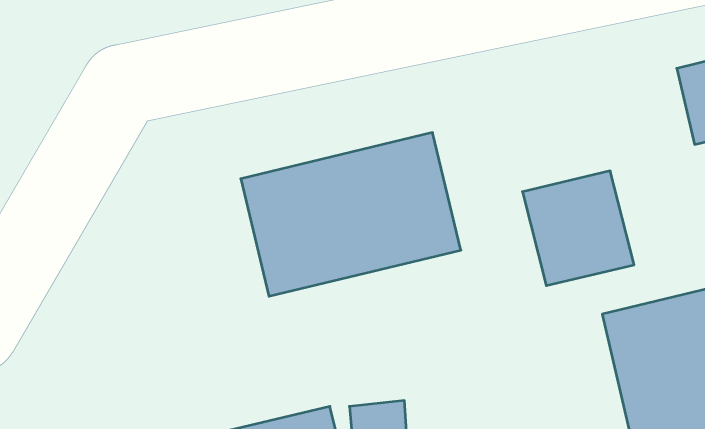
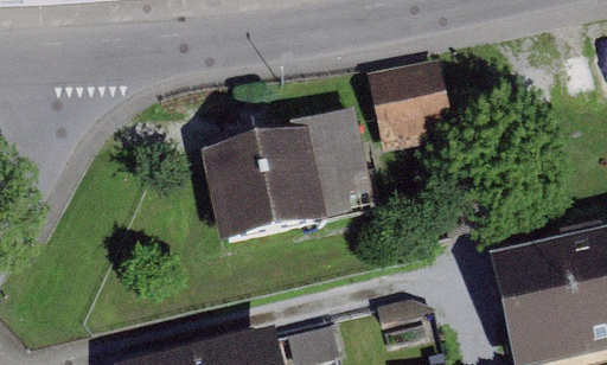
building: [522,171,634,286] -> [370,55,459,146]

